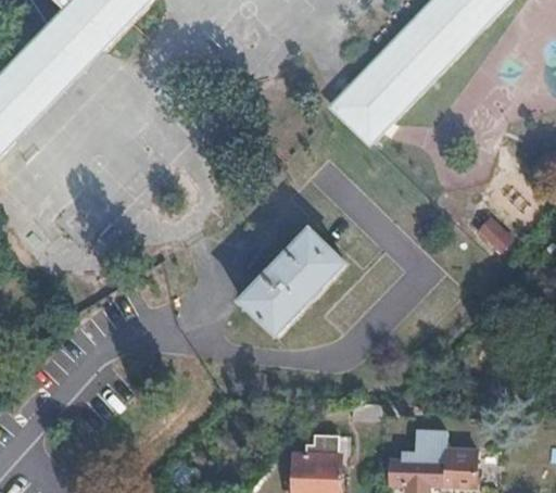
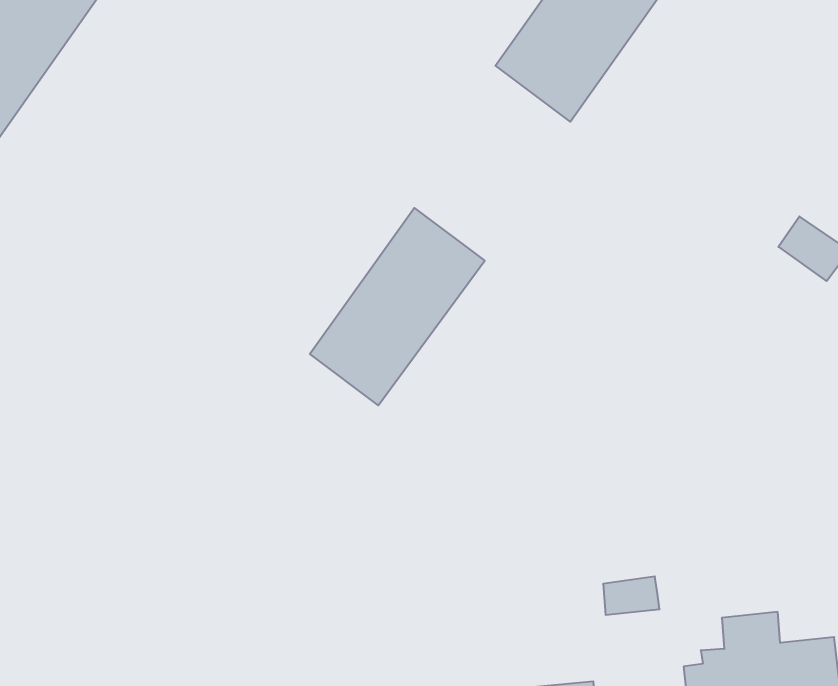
building: [240,228,344,334] -> [310,208,485,405]

